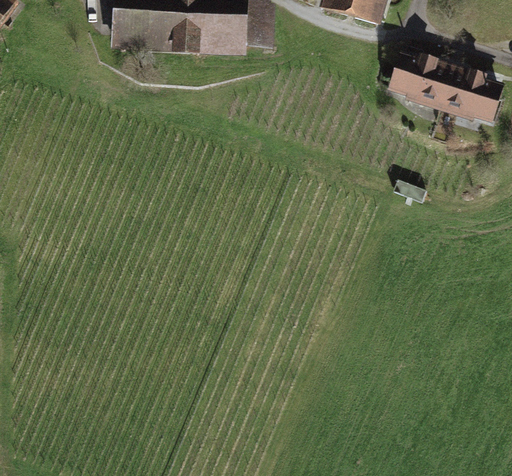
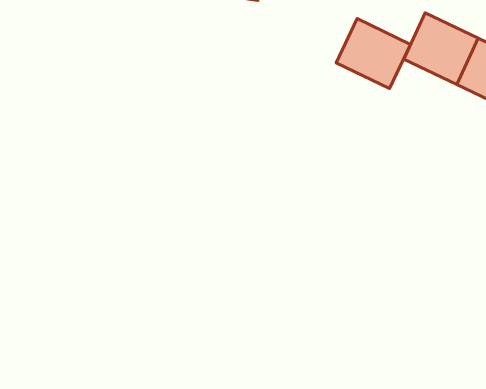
building: none -> [336,18,410,89]

